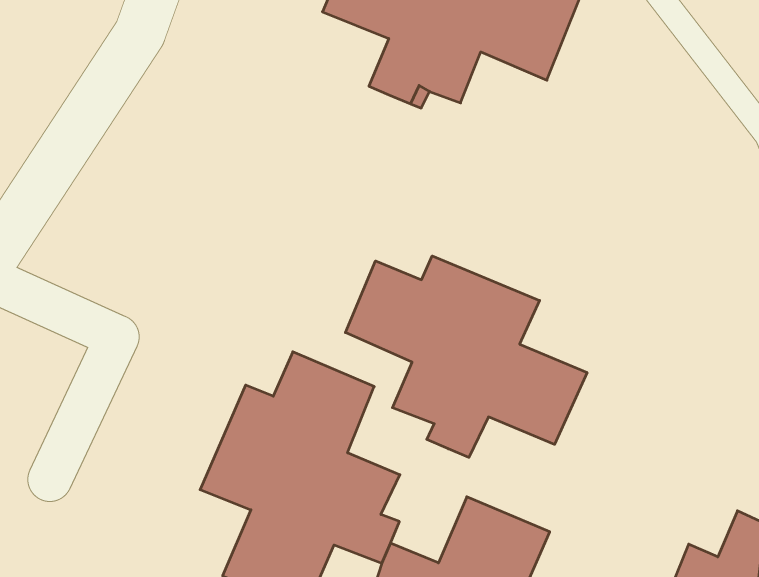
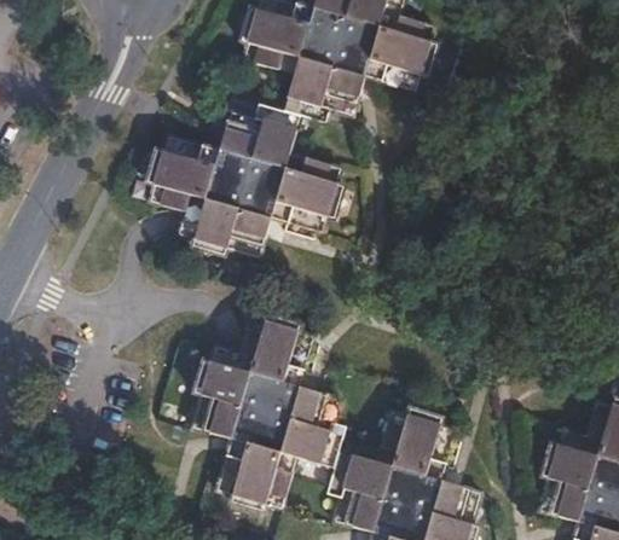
building: none -> [149,105,342,257]
building: [345,256,587,457] -> none

